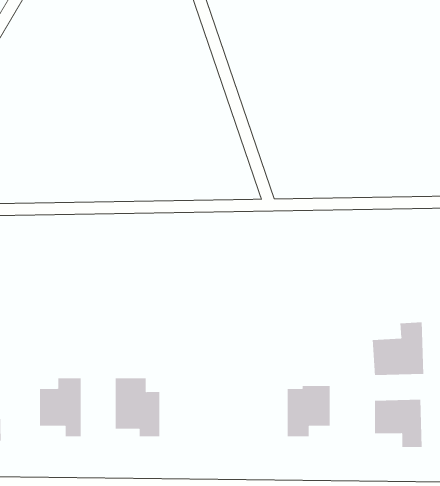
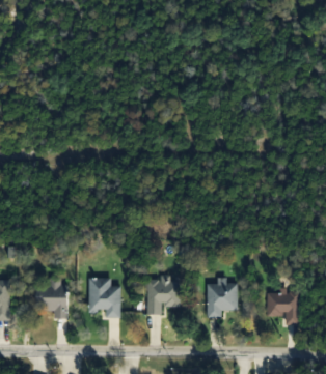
building: [372,322,424,376] -> none
building: none -> [147,280,180,313]

